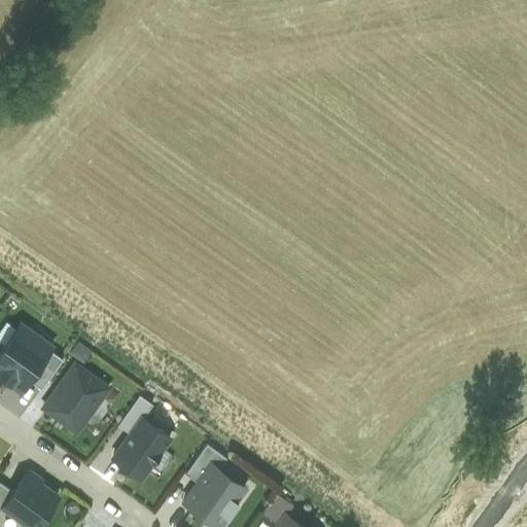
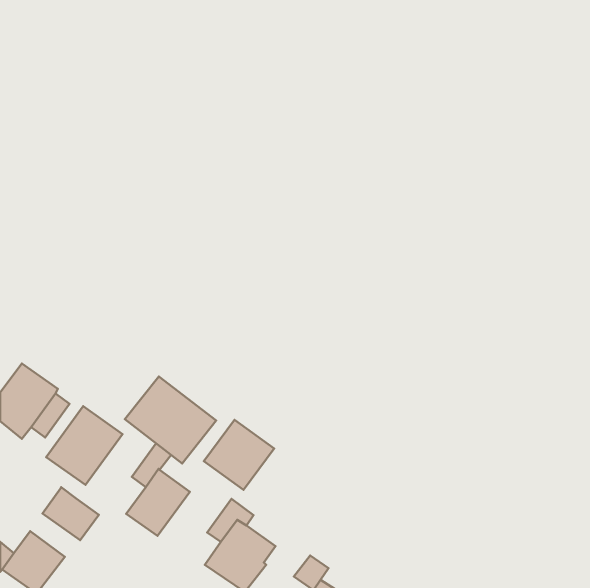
building: none -> [125,376,216,463]
building: none -> [204,420,274,490]
building: none -> [43,487,99,540]

